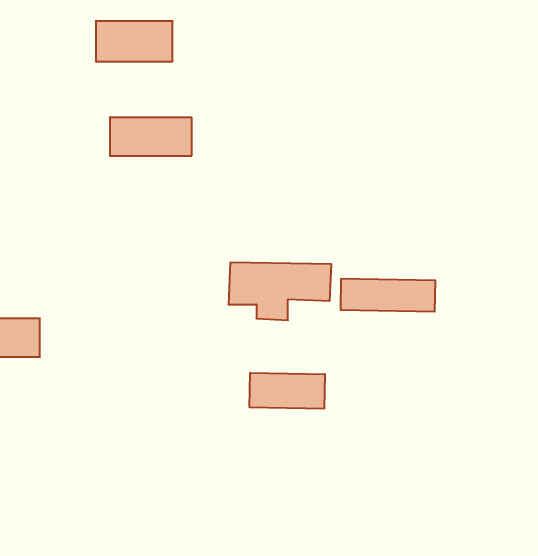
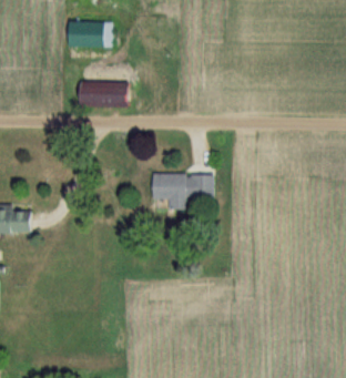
building: [341,279,435,312] -> none
building: [250,373,325,409] -> none

